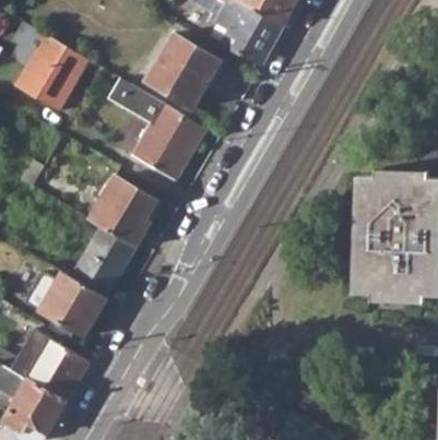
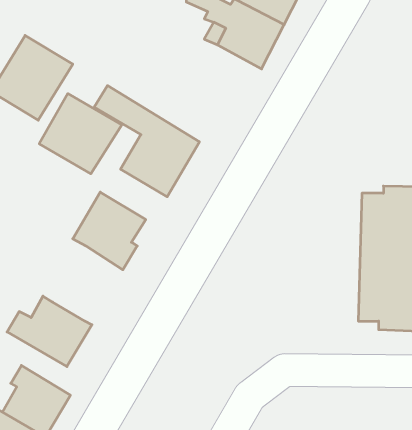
building: [145,35,221,108] -> [39,94,122,174]
building: [71,225,135,294] -> none

